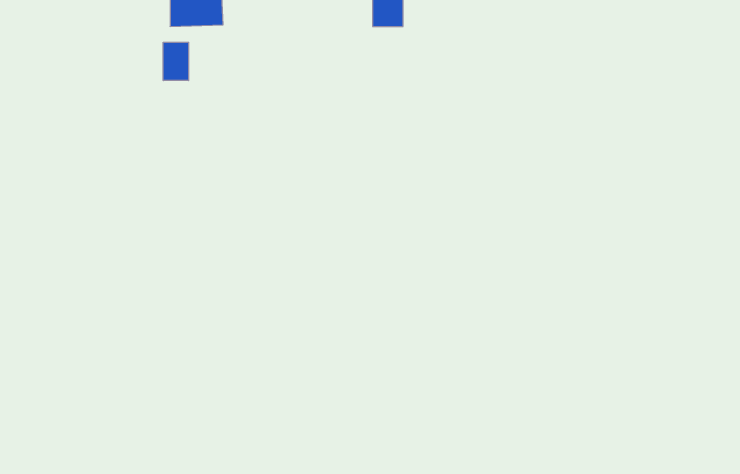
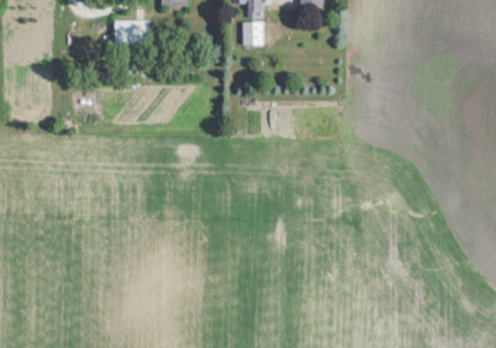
building: [163,42,189,81] -> none

